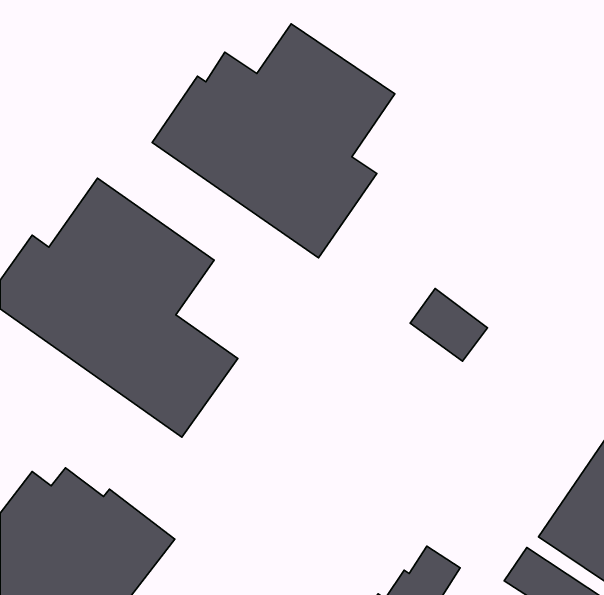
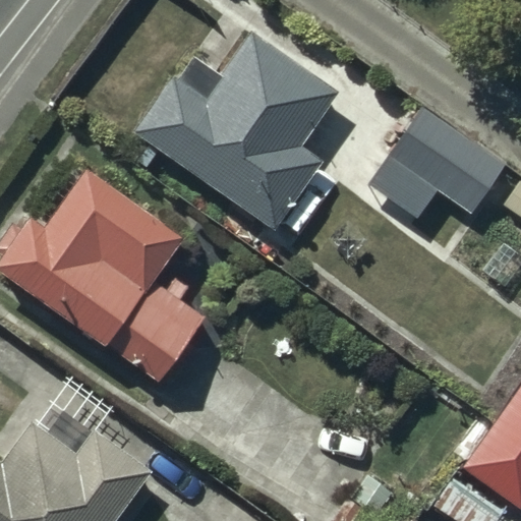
building: none -> [367,109,507,228]

